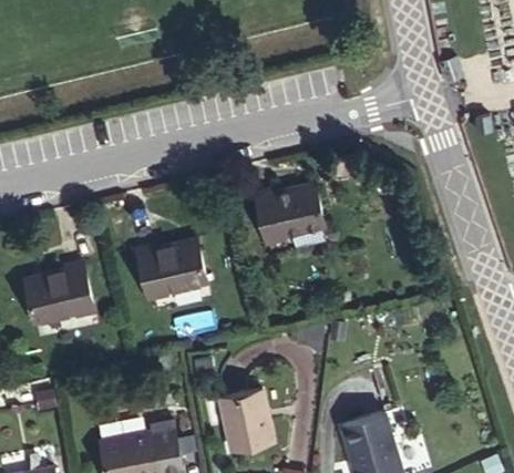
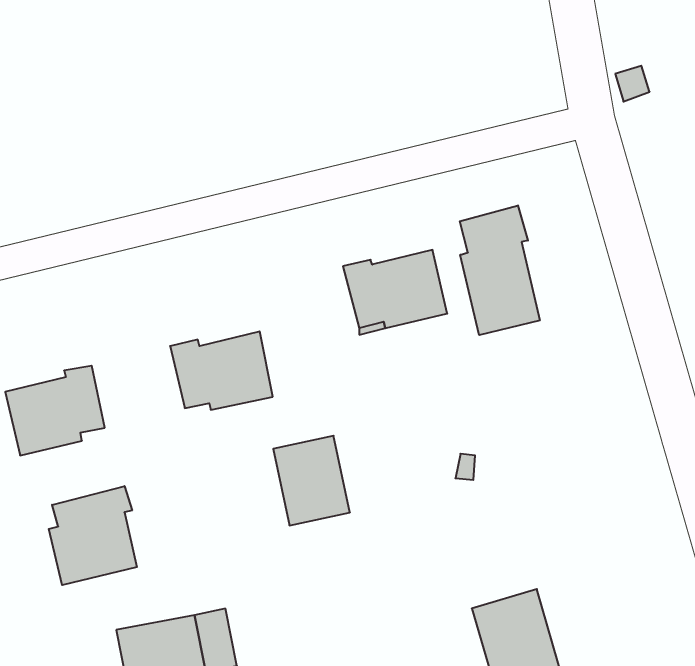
building: none -> [460,205,540,335]
building: none -> [49,486,137,585]
building: [220,391,273,452] -> [273,436,350,525]

